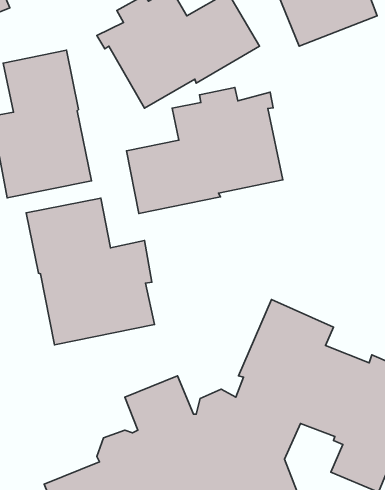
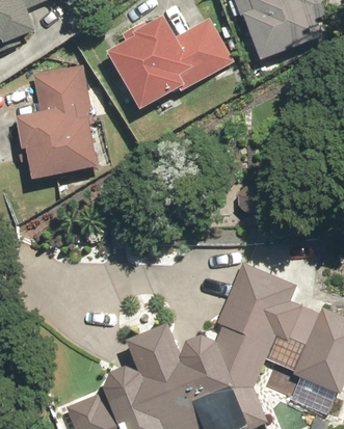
building: [126,87,283,213] -> none
building: [26,198,154,345] -> none

